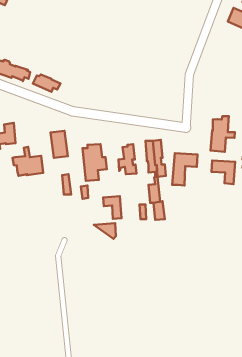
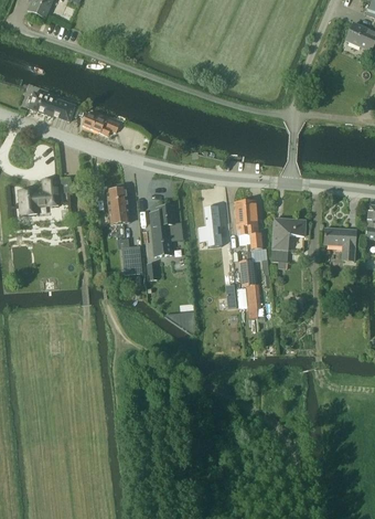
building: [211,116,235,152] -> none
building: [12,147,43,176] -> none
building: [103,196,122,219] -> none

